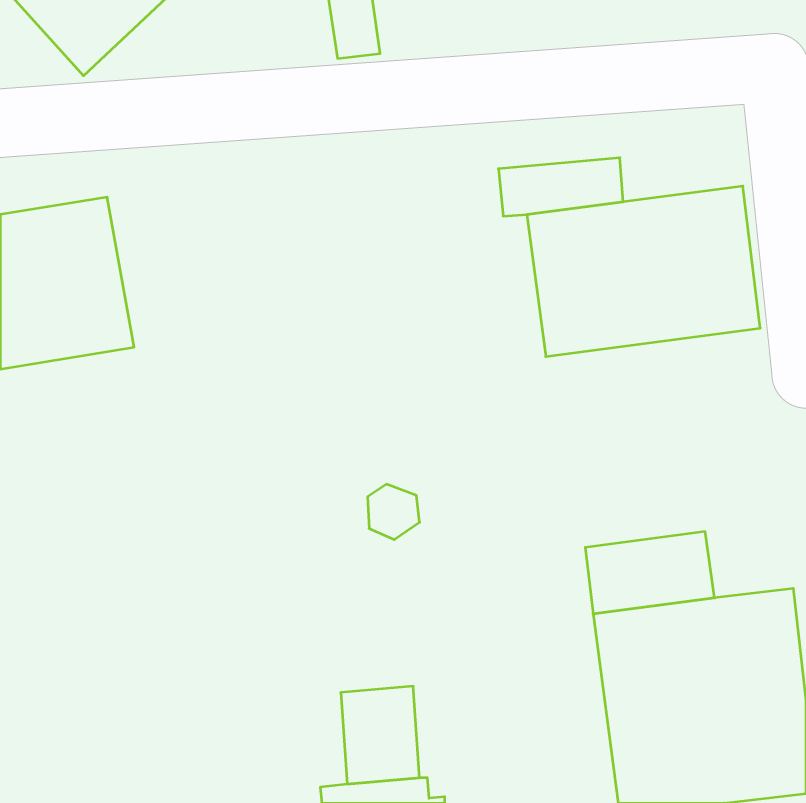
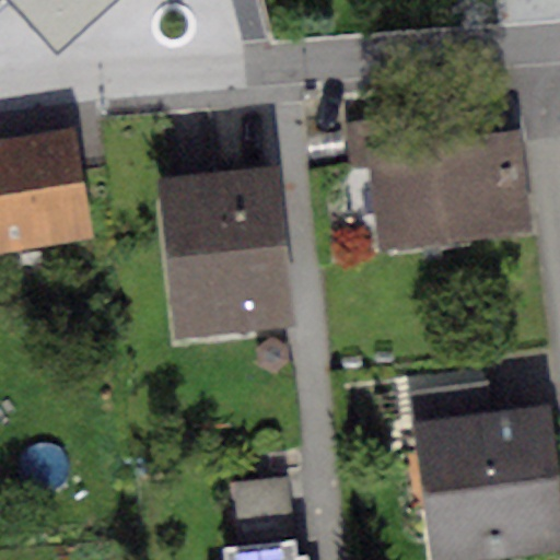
building: none -> [158,168,294,339]

